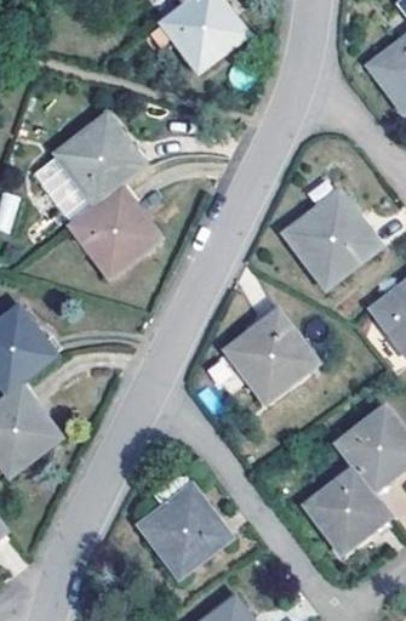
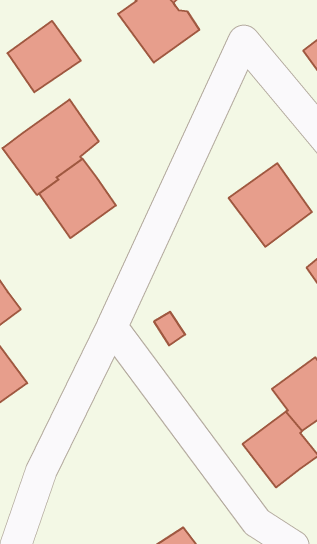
building: none -> [7,21,81,92]
building: [227,312,316,400] -> none
building: [141,488,229,576] -> none

